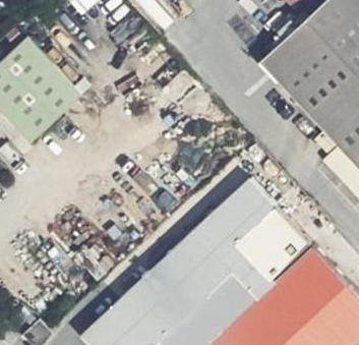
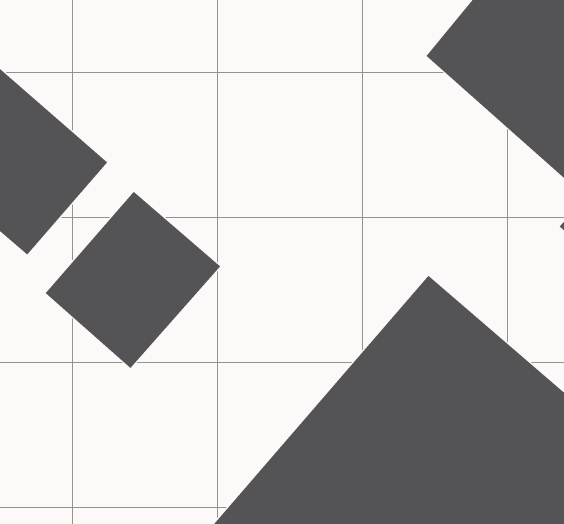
building: none -> [45,191,221,369]

